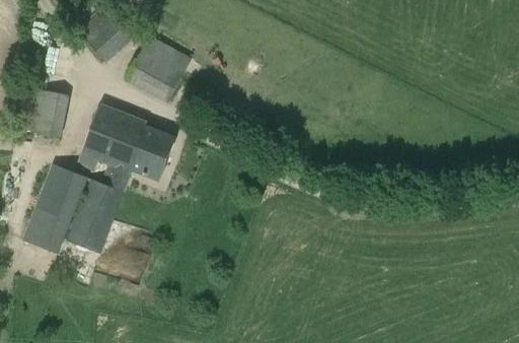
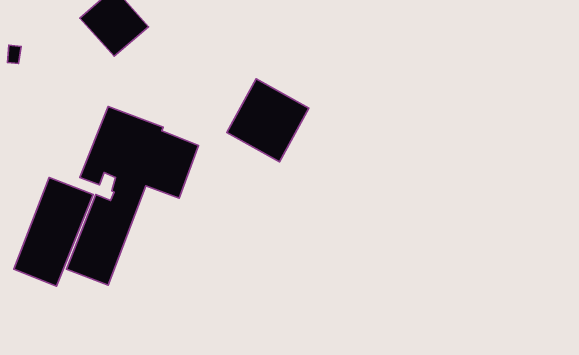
building: [124,33,192,102] -> [227,79,309,162]
building: [15,82,69,142] -> none

